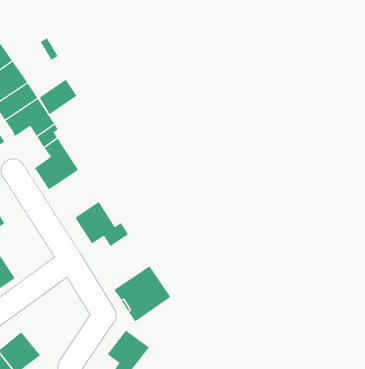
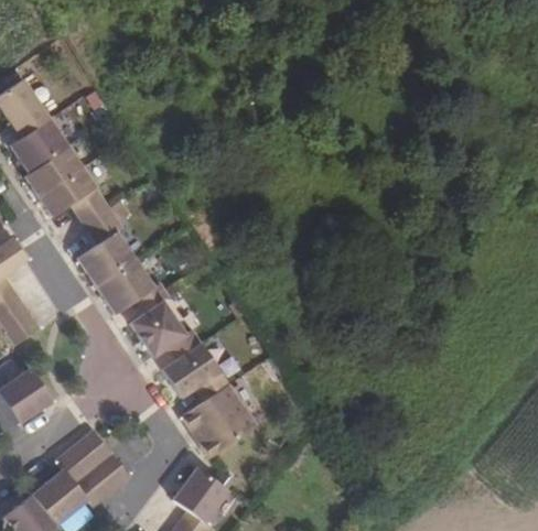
building: [39,79,77,115] -> none
building: none -> [96,259,170,313]
building: none -> [161,343,228,400]
building: none -> [54,431,128,507]

